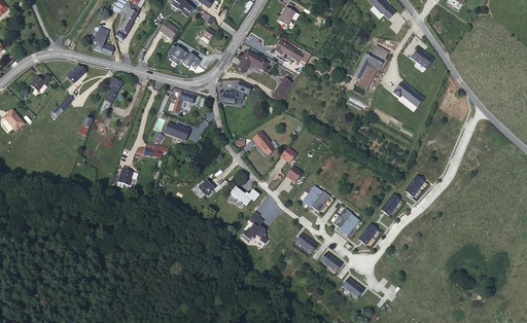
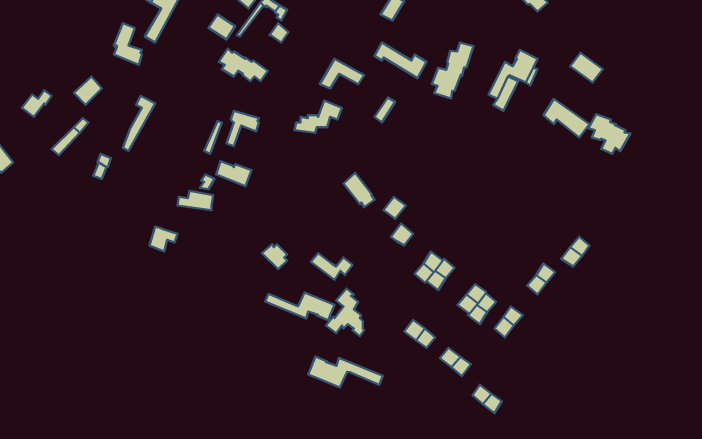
building: none -> [432,43,473,99]
building: none -> [589,114,630,154]
building: none -> [265,292,334,320]
building: none -> [308,357,383,387]

